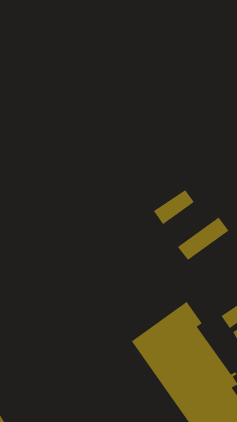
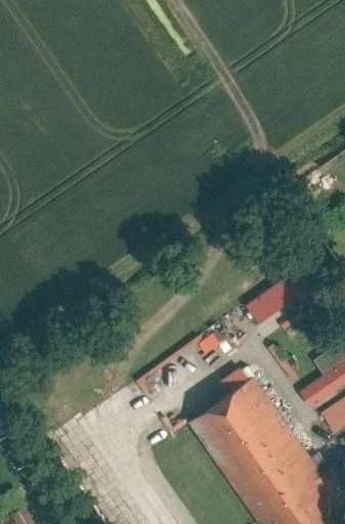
building: [153,189,195,225] -> none

